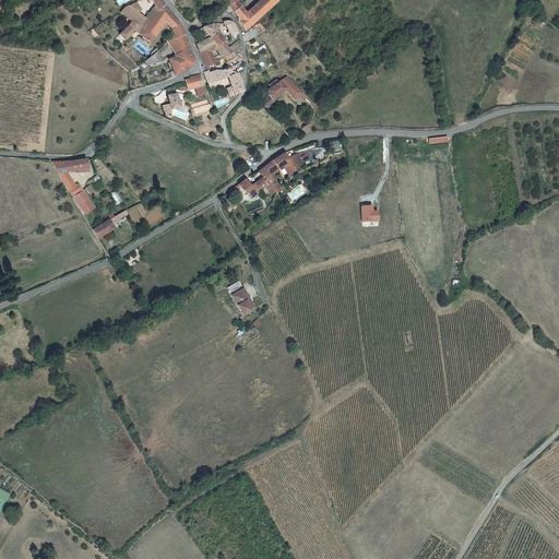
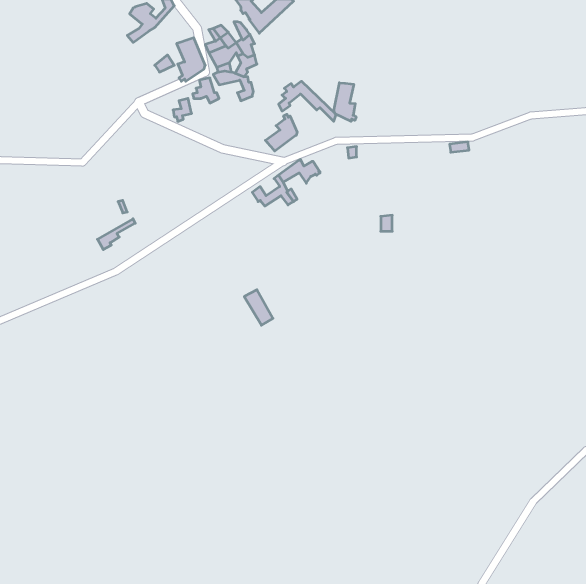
building: [142,5,185,43] -> none
building: none -> [334,83,356,121]
building: none -> [265,114,297,151]
building: [53,157,94,214] -> none

